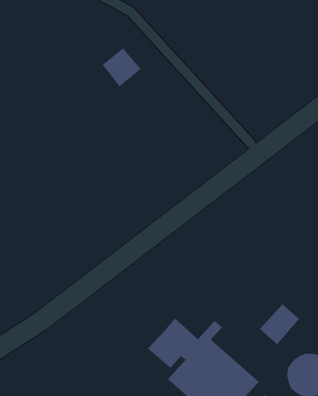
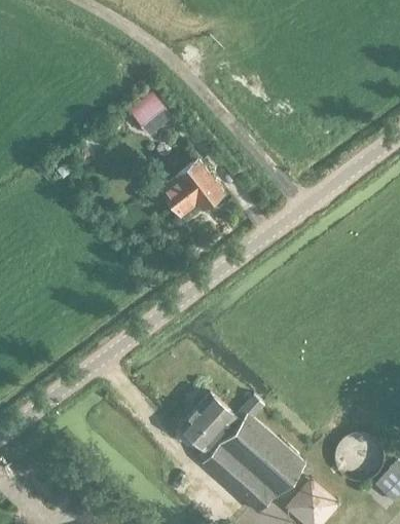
building: none -> [160,159,223,216]
building: [259,303,300,345] -> none

